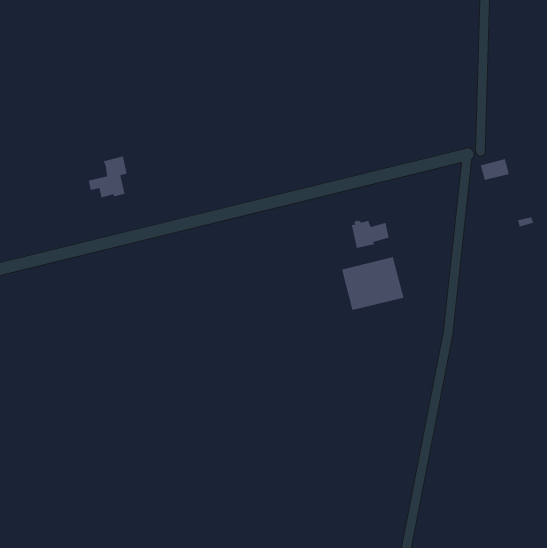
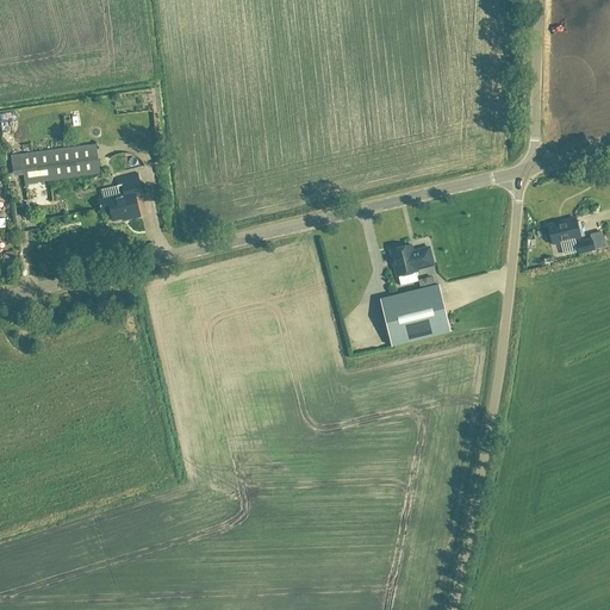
building: none -> [11,144,99,182]
building: [480,158,510,181] -> [547,218,580,243]

